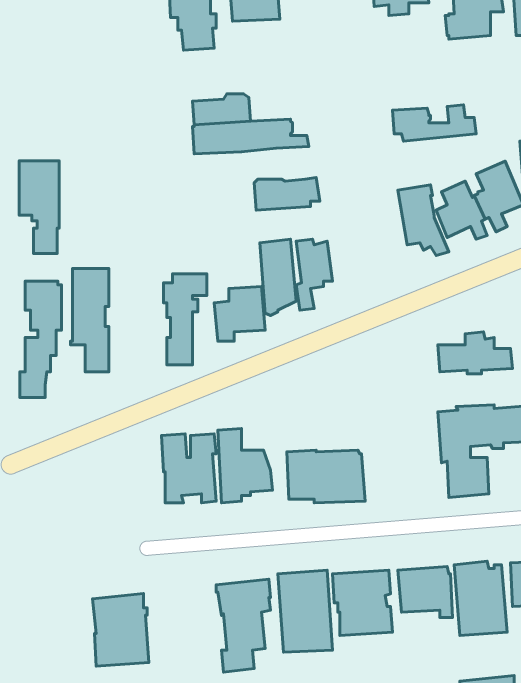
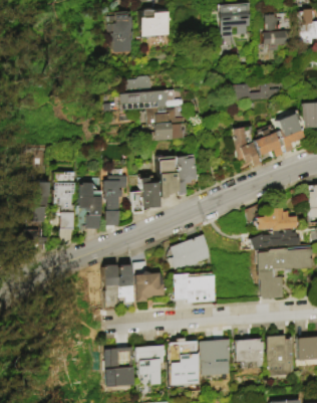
building: none -> [147,107,186,125]
building: [19,161,59,254] -> [79,178,101,229]
building: none -> [248,230,296,248]
building: none -> [169,234,211,271]
building: [93,593,149,666] -> [103,347,134,387]

